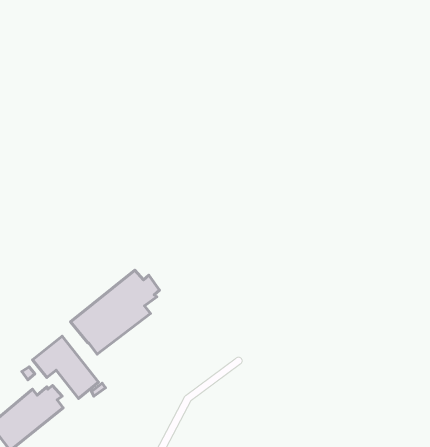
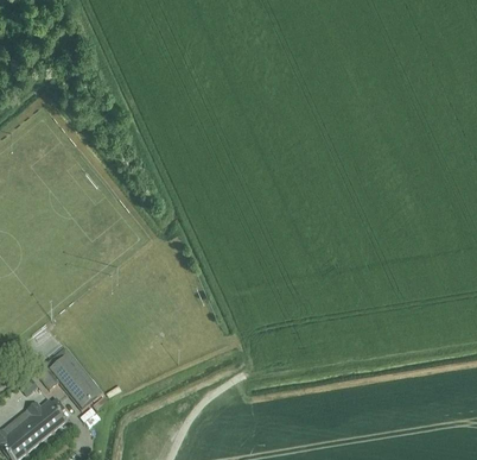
building: [70,270,160,354] -> none

